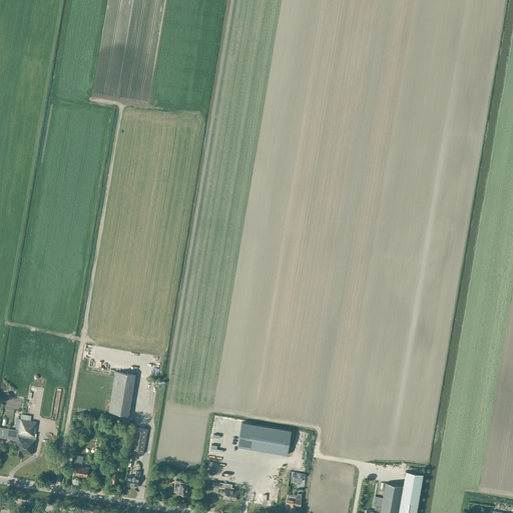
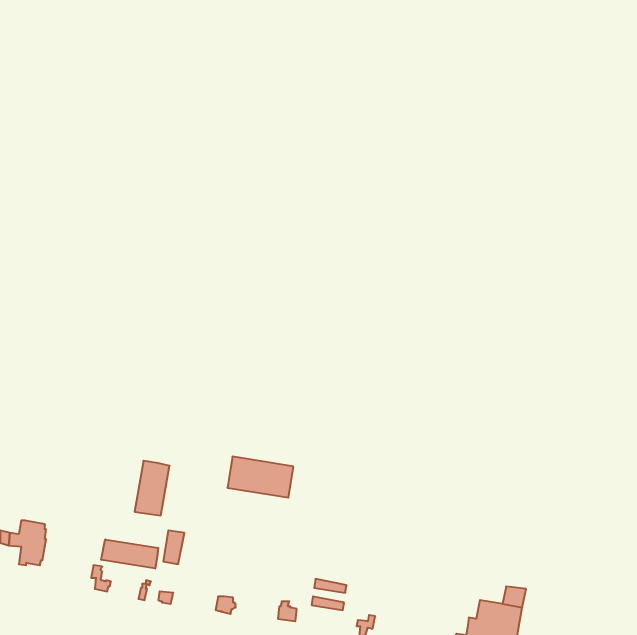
building: [237,423,291,456] -> [227,457,293,498]
building: none -> [101,539,158,569]

